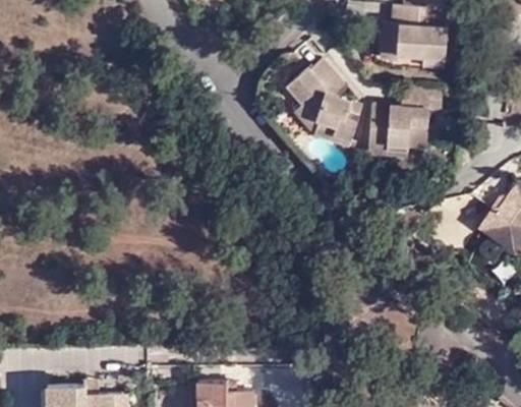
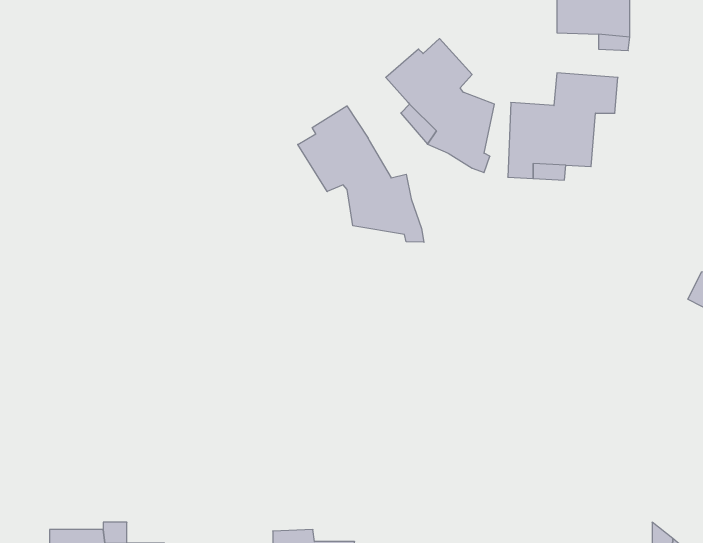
building: none -> [298,106,424,242]

